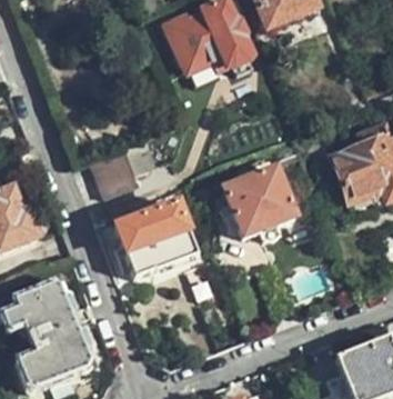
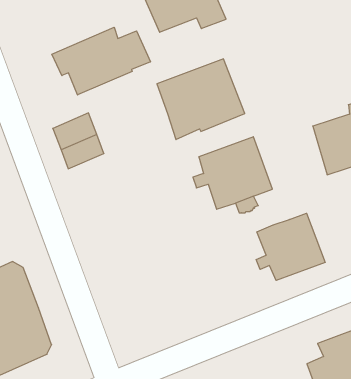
building: none -> [52,27,150,95]
building: [115,201,198,277] -> [157,59,245,140]
building: none -> [256,213,325,280]

